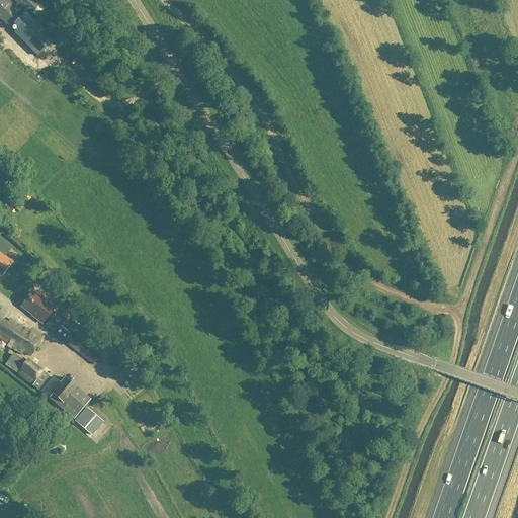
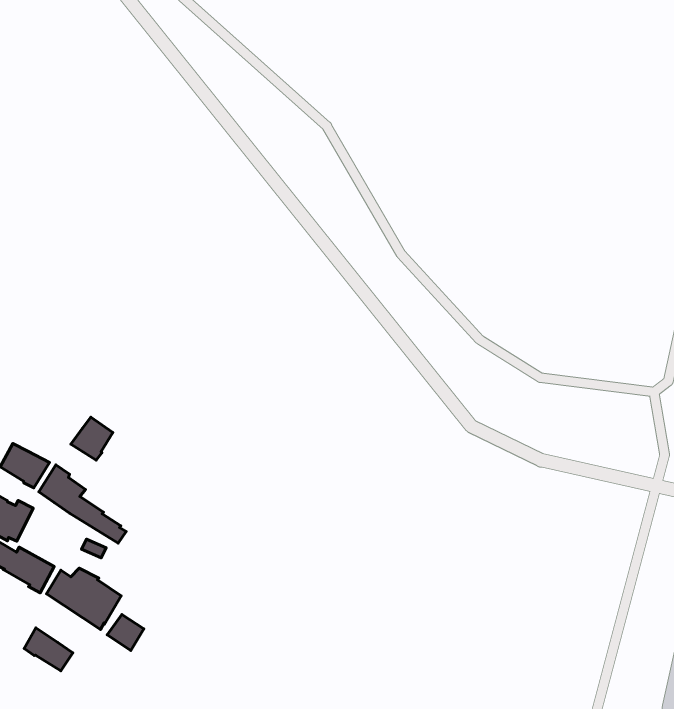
building: none -> [71,417,113,460]
building: none -> [24,628,73,671]

